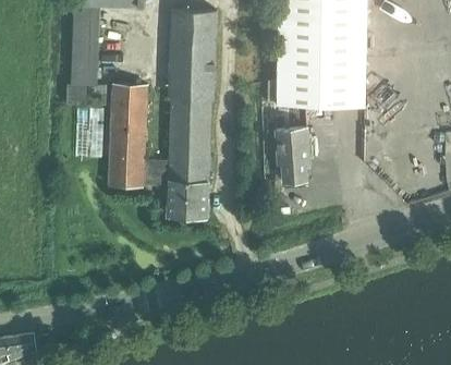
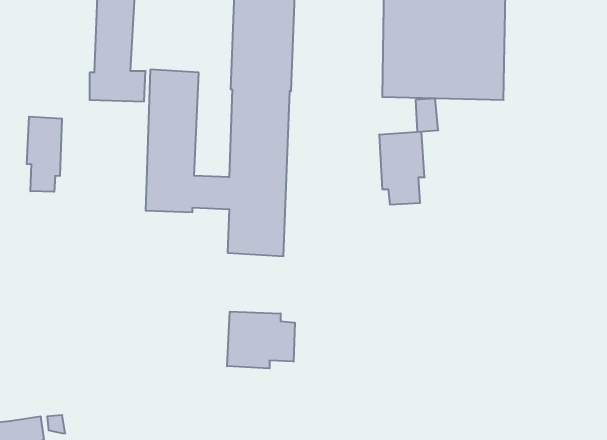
building: none -> [27,117,62,192]
building: none -> [227,312,295,368]

